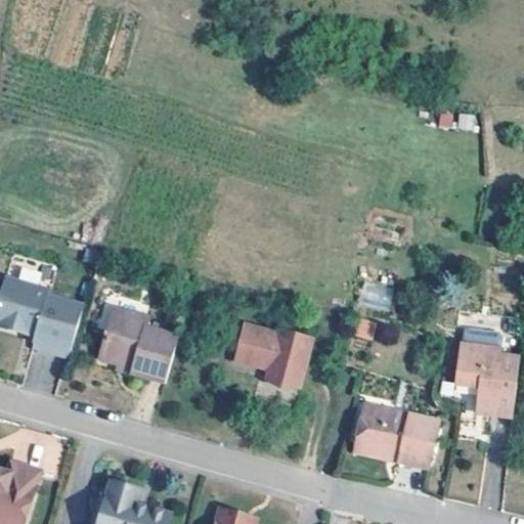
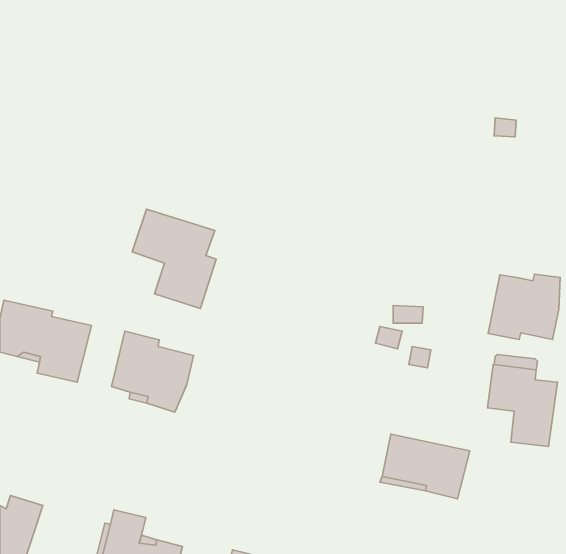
building: none -> [132,209,216,308]
building: none -> [488,274,560,340]
building: [237,320,314,383] -> none

